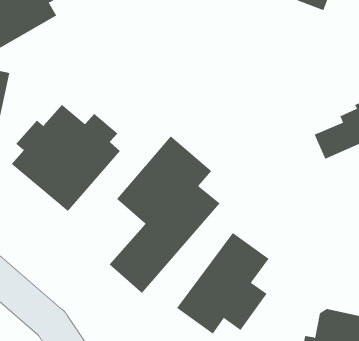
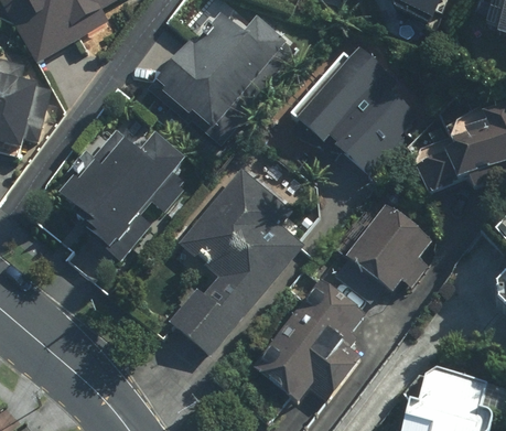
building: none -> [153,10,298,139]
building: none -> [295,47,398,175]
building: none -> [344,203,432,291]

